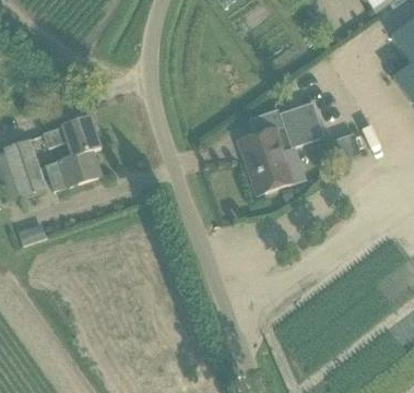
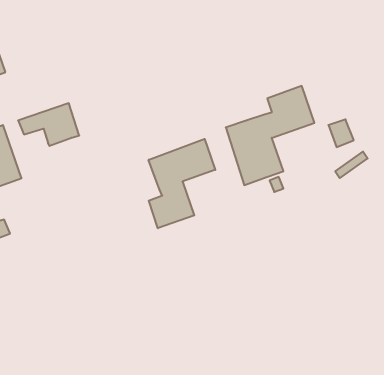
building: [45,148,102,190] -> none
building: none -> [149,139,215,228]

